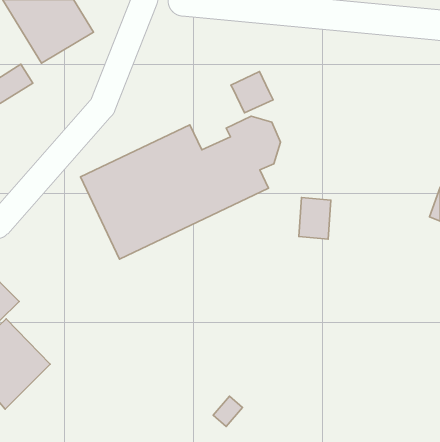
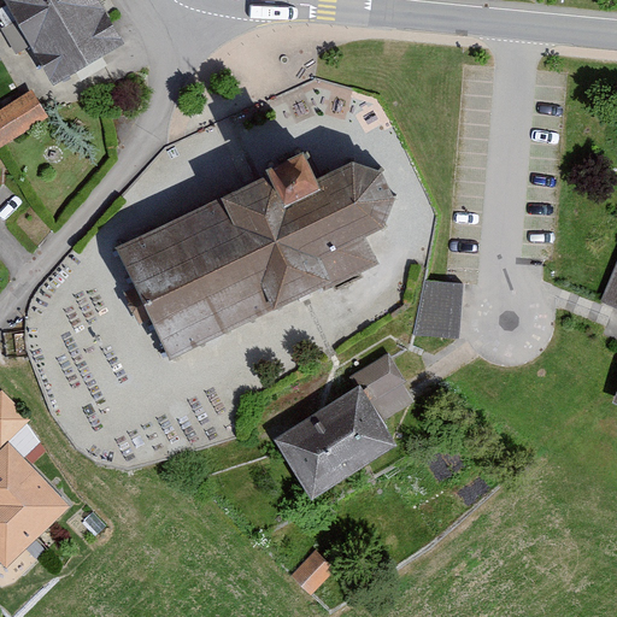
building: [231,71,273,113] -> [262,151,321,208]
building: none -> [275,371,410,500]

